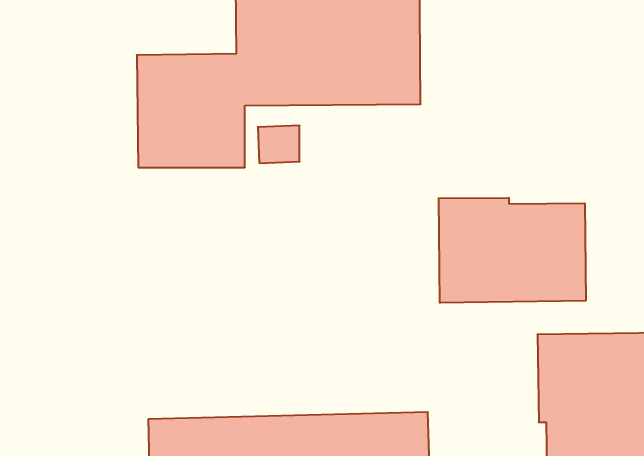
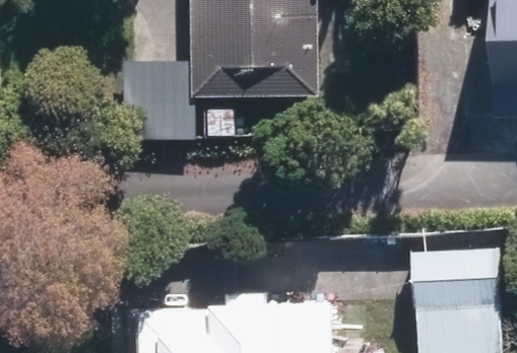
building: [439,198,586,303] -> none

